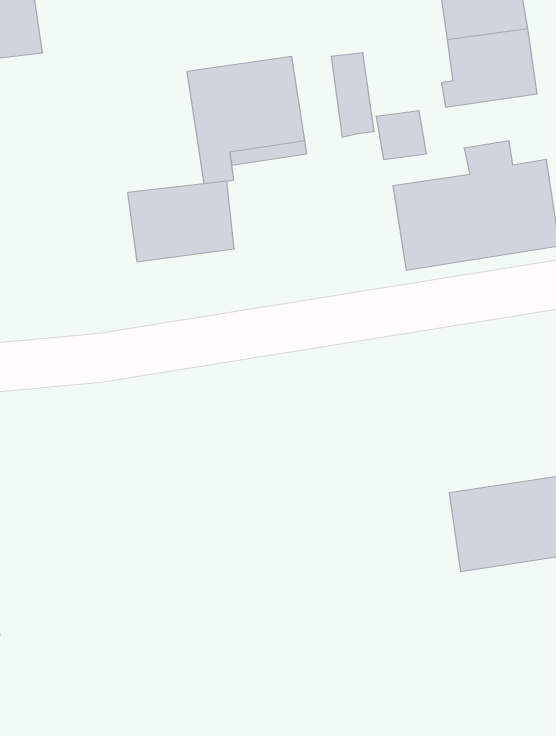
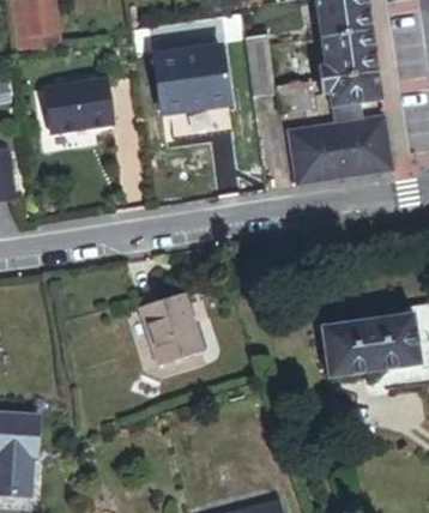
building: none -> [320,71,382,105]
building: [128,181,234,262] -> [46,80,114,132]
building: none -> [139,292,200,366]

